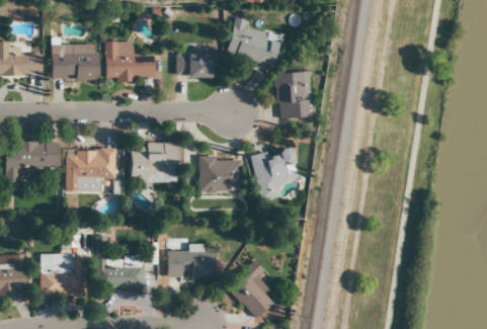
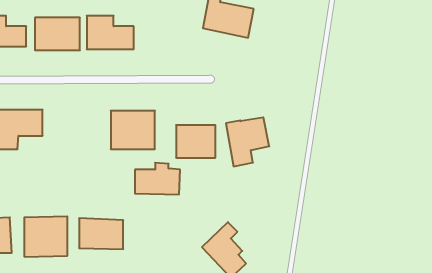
building: [176,54,212,77] -> none
building: [274,71,314,117] -> none
building: [66,147,115,191] -> none
building: [168,244,216,277] -> [135,163,180,194]

